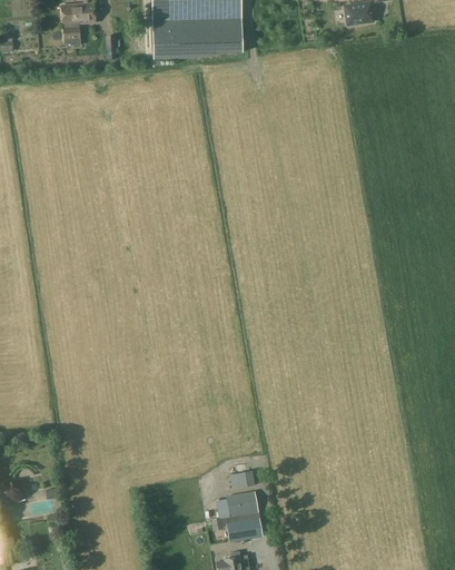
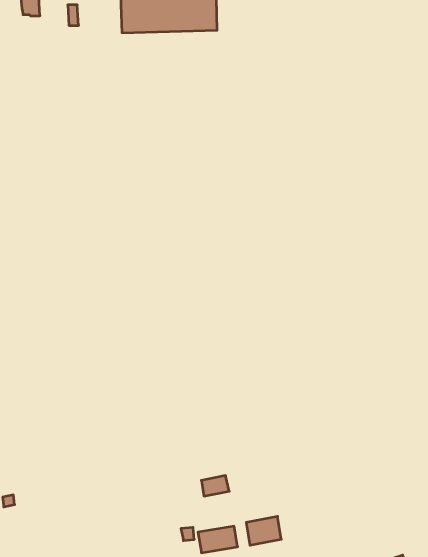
building: [226,489,258,515] -> [246,516,281,545]

